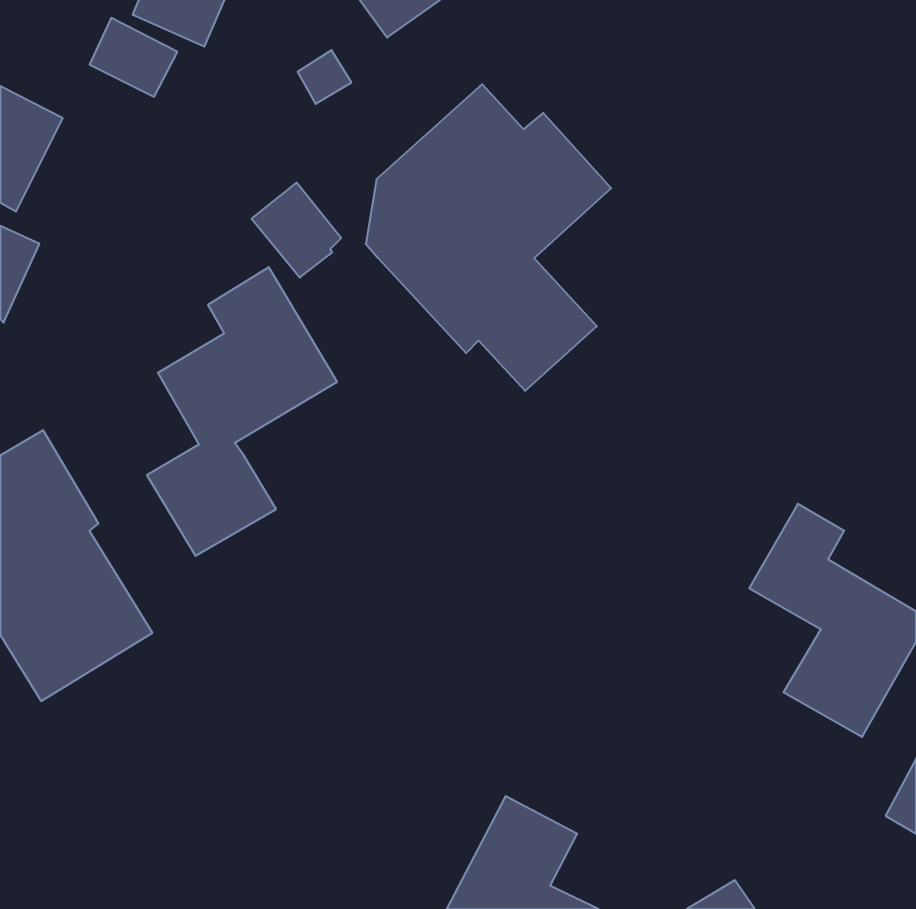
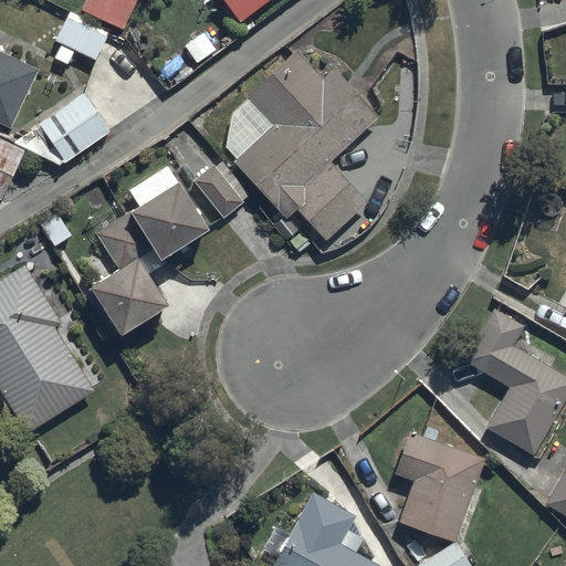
building: none -> [40,94,109,163]
building: [252,183,341,278] -> [193,159,249,218]
building: none -> [394,426,484,541]

